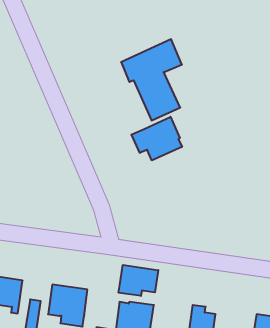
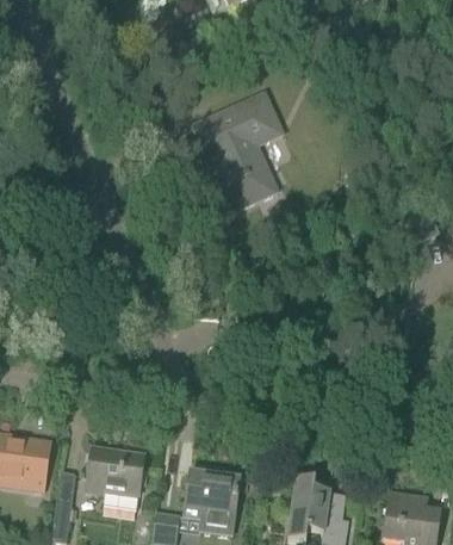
building: [131,117,182,160] -> none
building: [119,265,158,296] -> none

